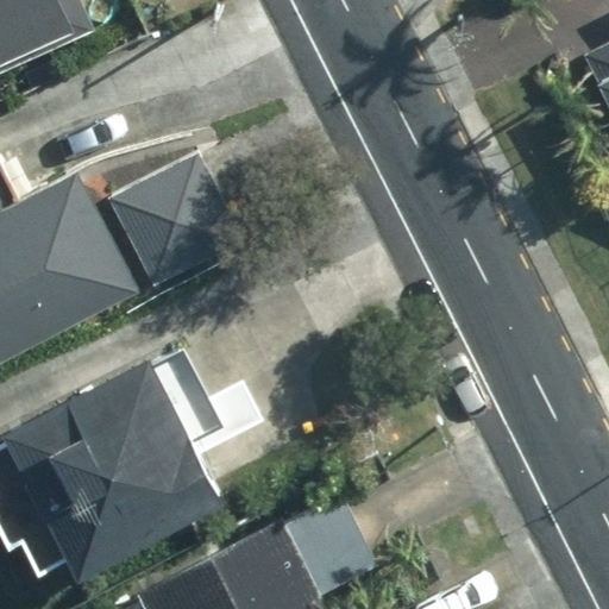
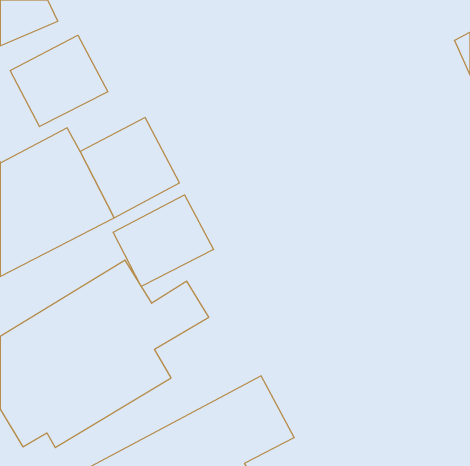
building: none -> [10,35,108,127]
building: none -> [113,195,214,286]

